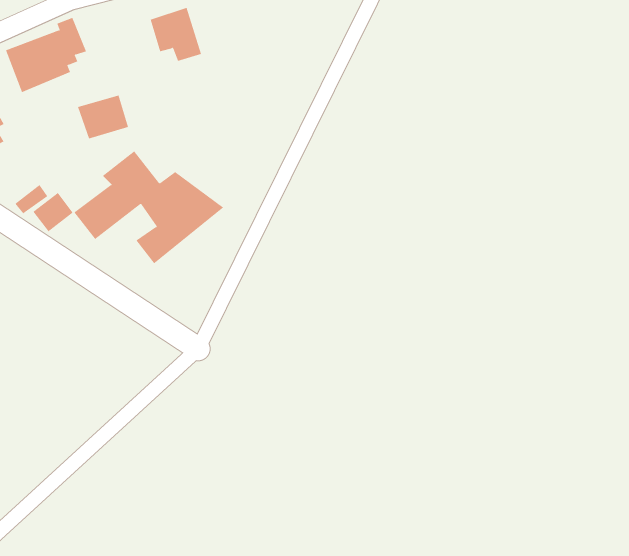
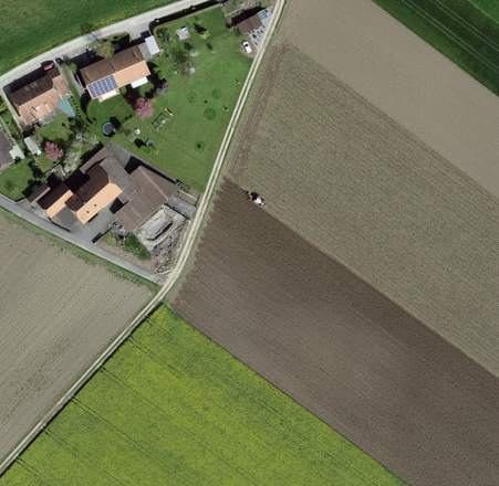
building: [77,95,129,139] -> [81,62,118,95]

